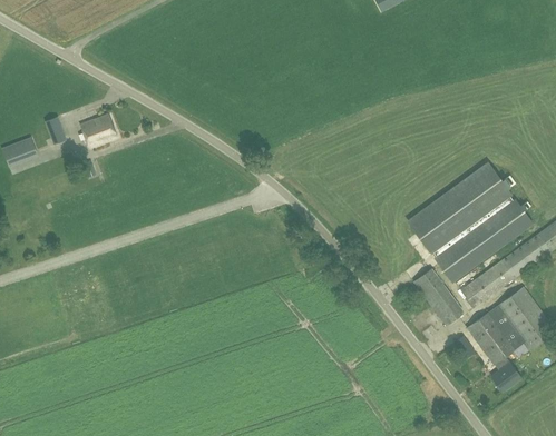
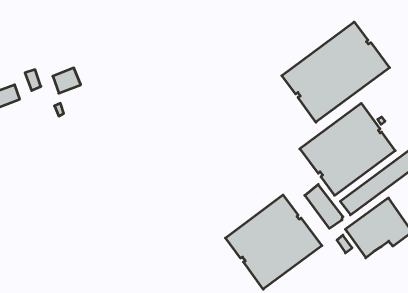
building: none -> [282,22,390,122]
building: none -> [225,195,322,289]
building: [490,356,520,392] -> none

